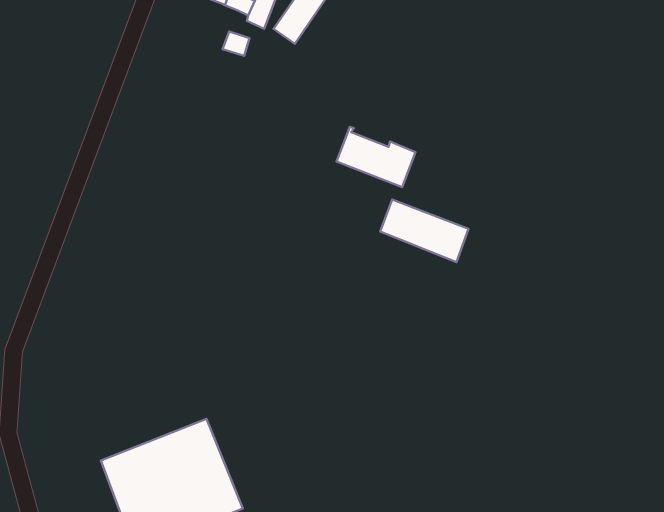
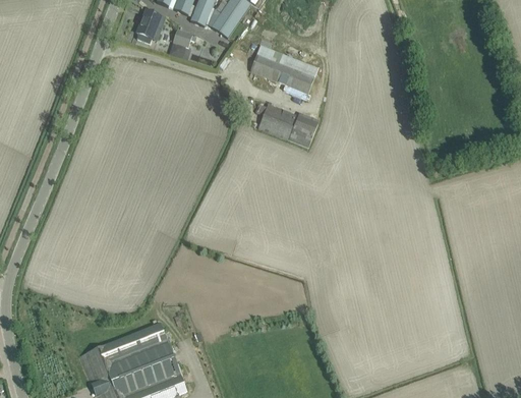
building: none -> [136,9,160,43]
building: [380,199,469,262] -> [250,45,317,93]

